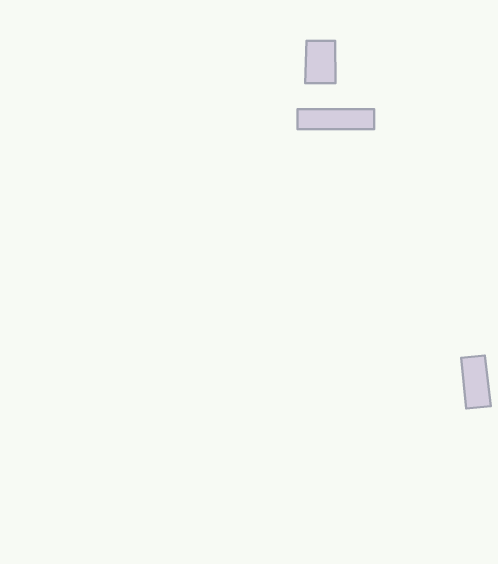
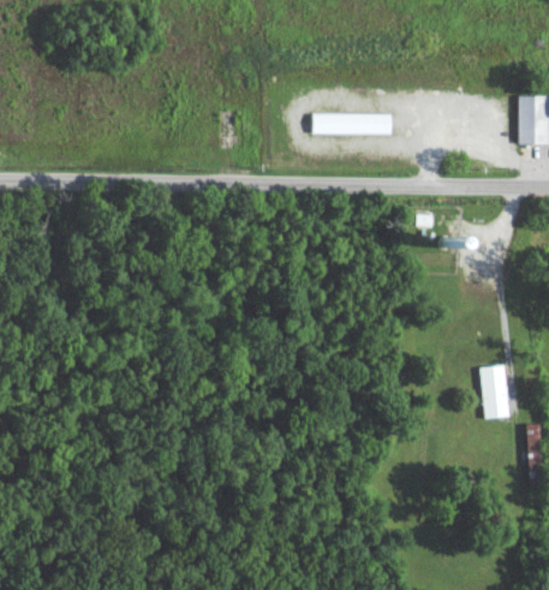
building: [305,41,335,83] -> none

